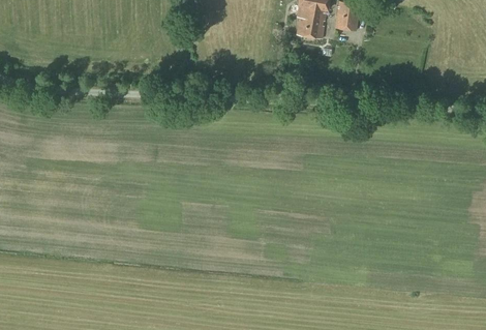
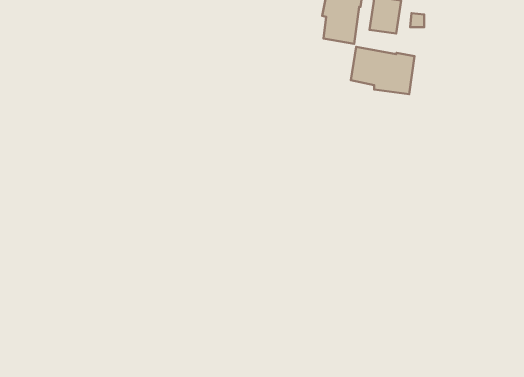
building: none -> [351,47,415,94]

